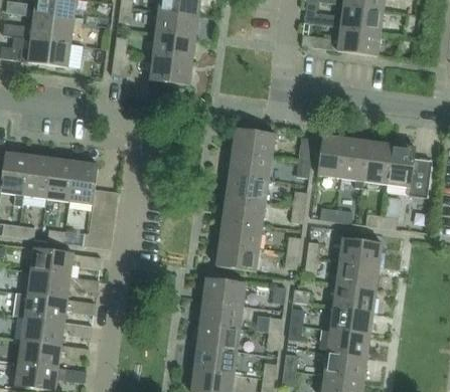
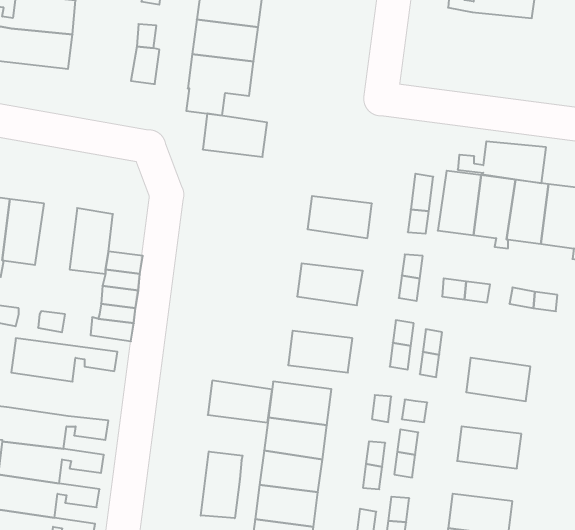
building: [320,28,380,56] -> [458,141,546,183]
building: [232,128,275,157] -> [203,113,267,157]
building: [45,157,73,201] -> none
building: [224,174,269,202] -> none
building: [218,219,262,247] -> [208,381,272,422]
building: [338,237,382,266] -> none
building: [26,270,98,300] -> none
building: [332,283,376,312] -> none
building: none -> [201,451,243,518]
building: [326,330,369,357] -> none

